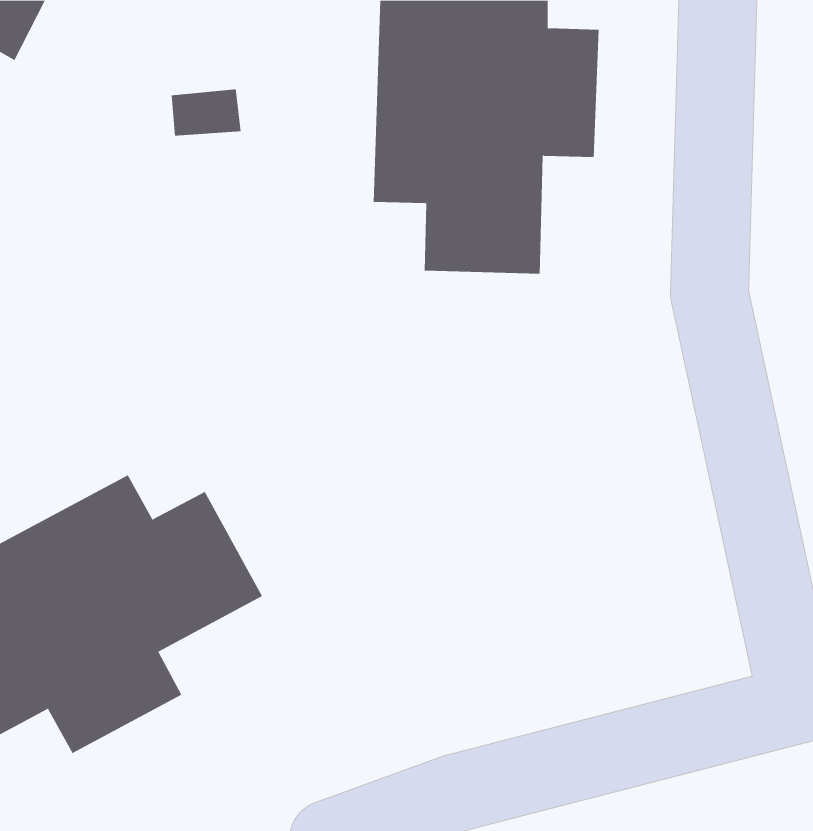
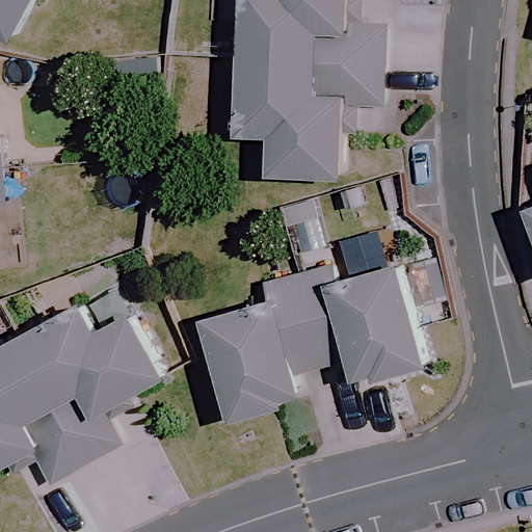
building: none -> [200,263,428,420]

